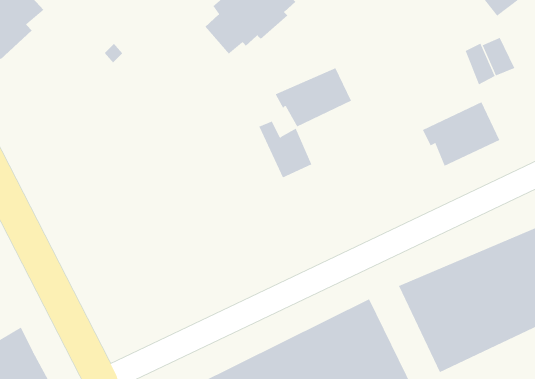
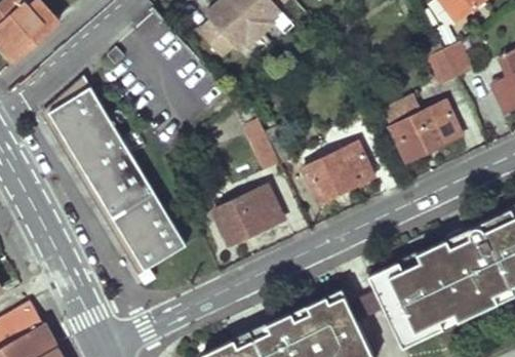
building: [275,68,352,127] -> [303,146,371,199]
building: none -> [40,79,187,282]
building: none -> [210,185,281,244]

